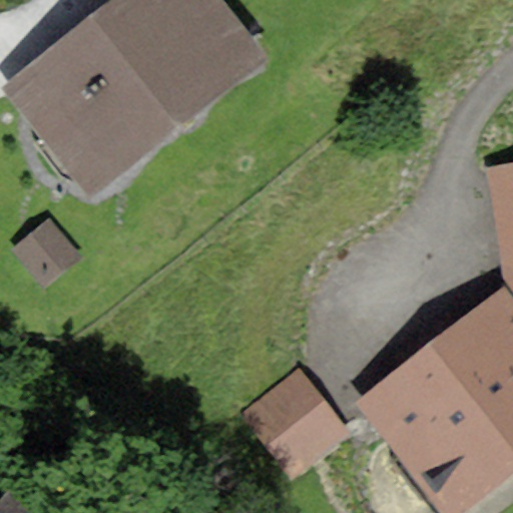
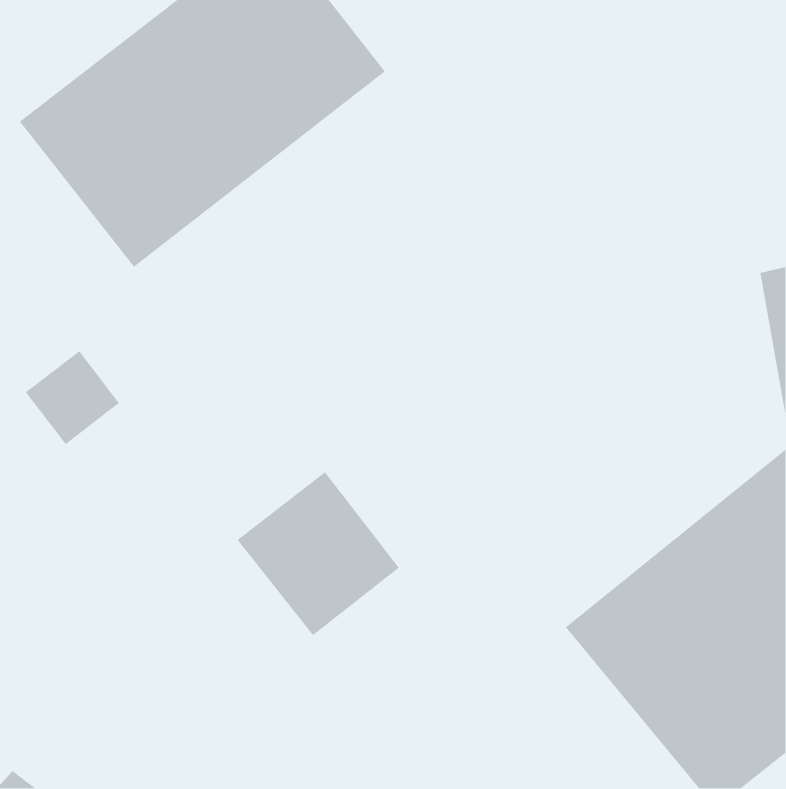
building: [243,371,349,477] -> [236,471,400,636]

